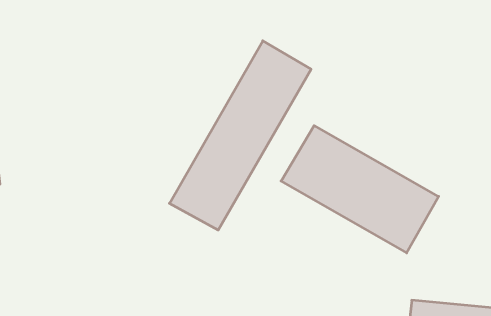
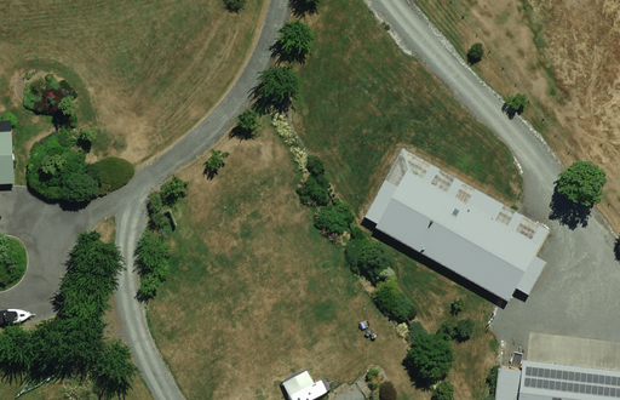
building: [169,41,311,230] -> none

